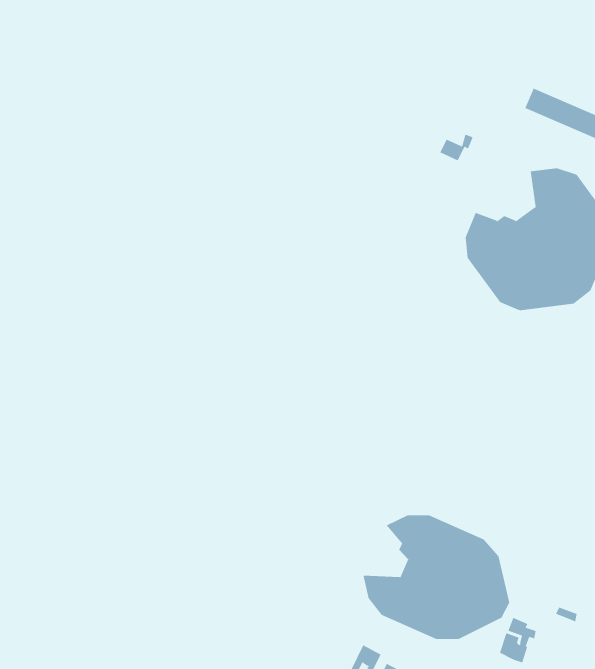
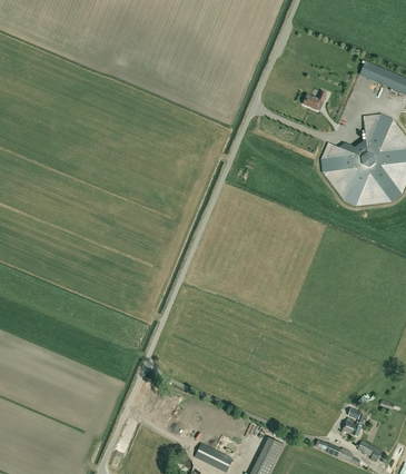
building: [363,515,510,640] -> none

